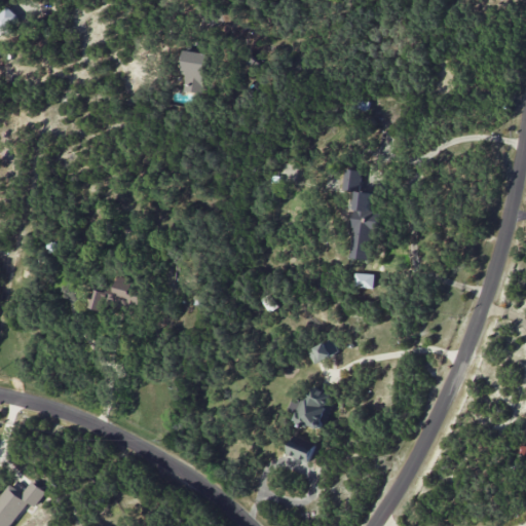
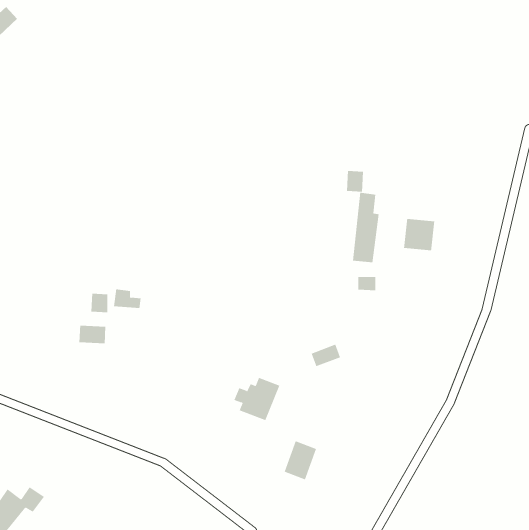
building: [181,52,205,92] -> none
building: none -> [404,218,435,251]
building: none -> [79,325,106,344]
building: [287,388,333,431] -> [233,377,280,421]

